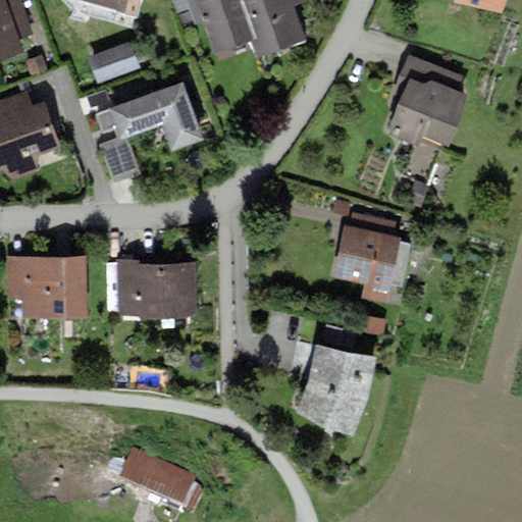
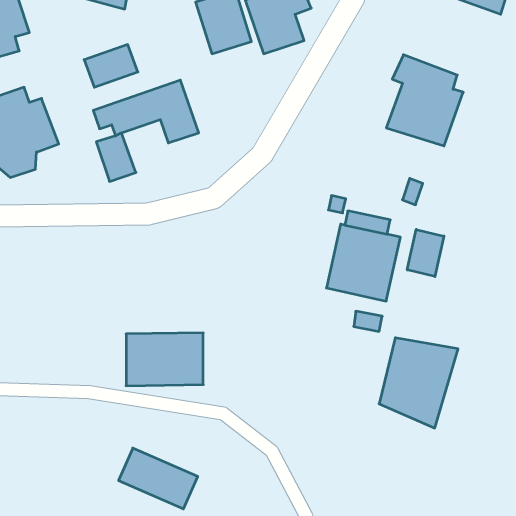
building: none -> [407,229,444,277]
building: [10,257,87,318] -> none
building: [120,263,198,316] -> [126,333,203,386]
building: [303,343,382,433] -> [379,338,458,428]

